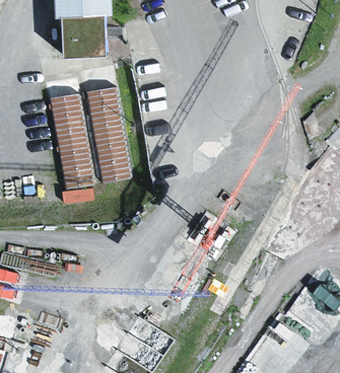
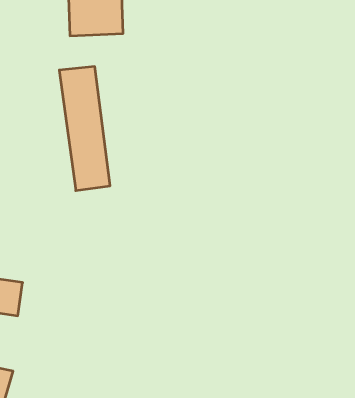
building: [89,69,128,182] -> none

